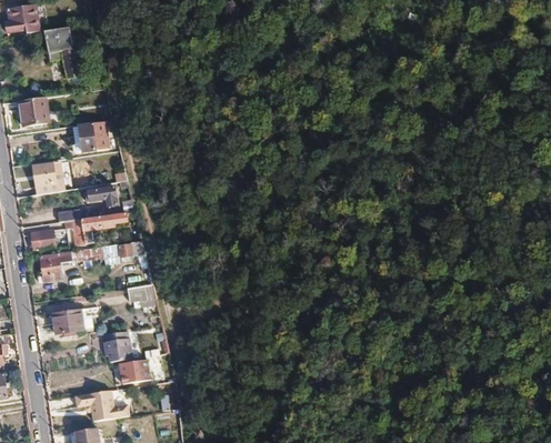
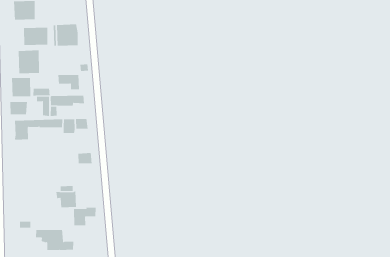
building: none -> [24,27,48,46]
building: none -> [12,77,31,97]
building: [52,309,84,334] -> none

